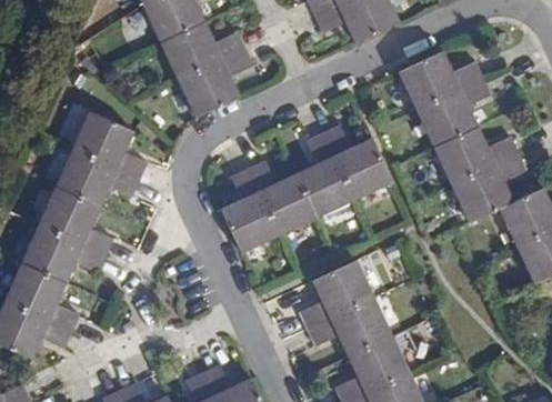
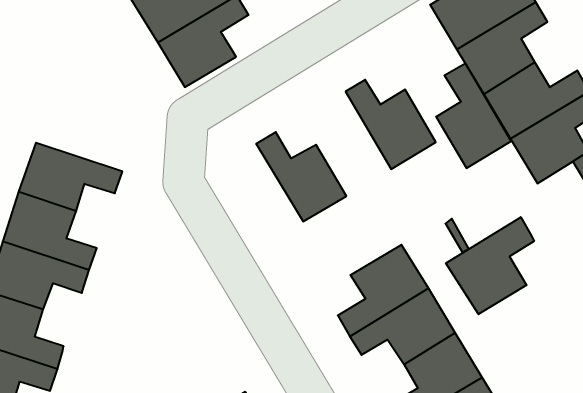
building: [72,111,147,180] -> none
building: [295,134,353,218] -> [436,64,511,168]
building: [220,169,279,252] -> none
building: none -> [446,217,534,314]

